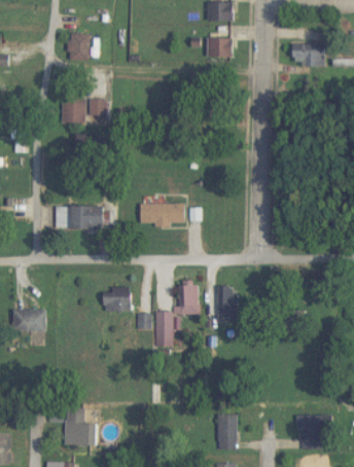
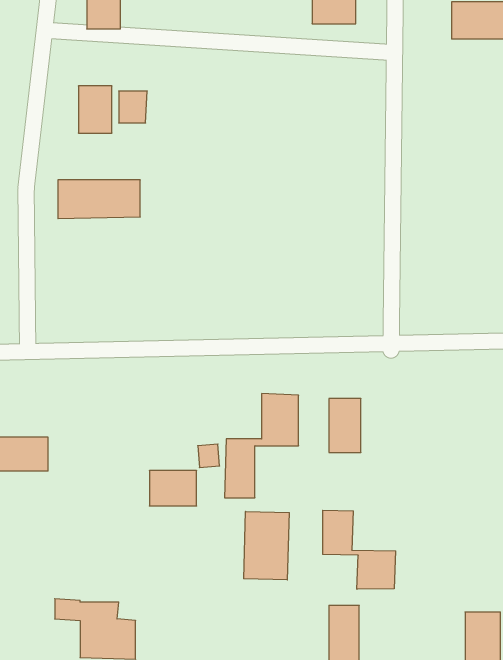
building: [139,203,184,224] -> none
building: [54,206,104,229] -> [58,180,140,219]
building: [102,289,131,311] -> [149,471,197,506]
building: none -> [323,510,396,589]
building: none -> [244,511,289,580]

